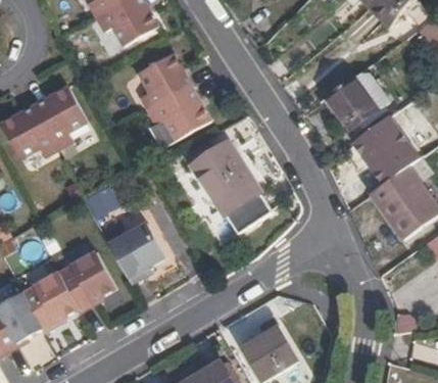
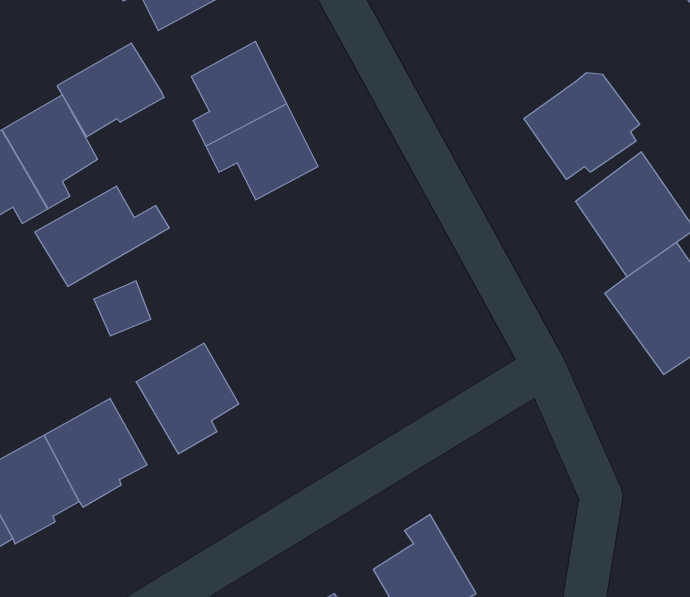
building: none -> [57,43,164,137]
building: none -> [35,186,169,286]
building: [190,140,271,233] -> none

